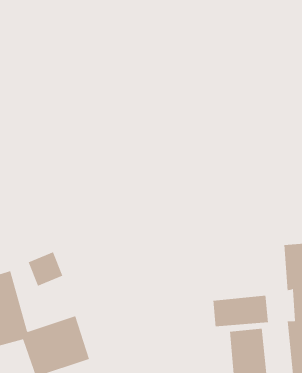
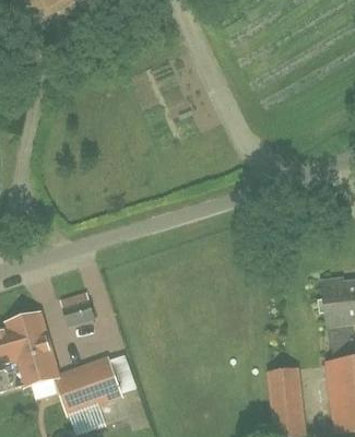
building: [213,295,269,327] -> none

